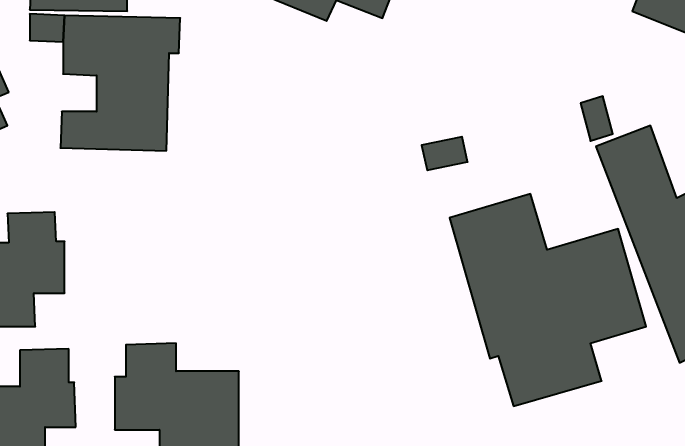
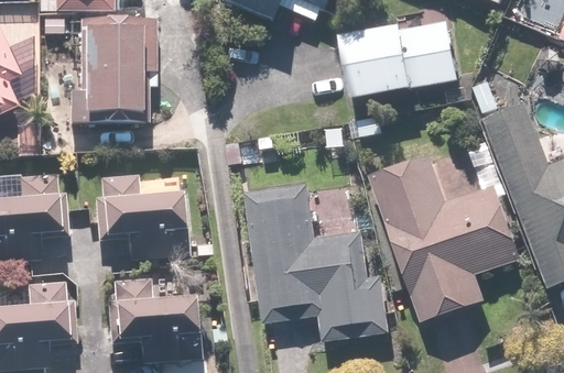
building: none -> [343,15,458,99]
building: none -> [91,173,185,255]
building: none -> [245,183,391,343]

